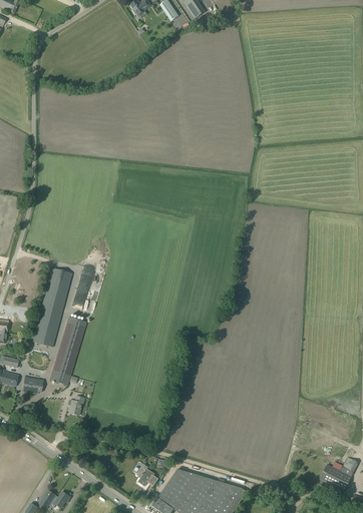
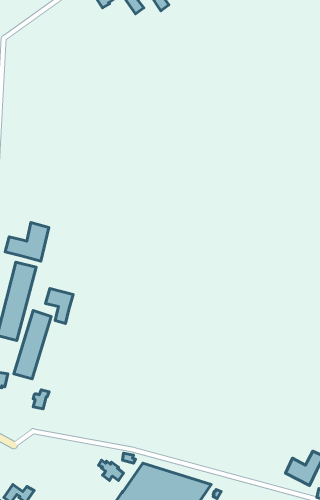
building: none -> [5,222,49,261]
building: none -> [46,289,73,324]

